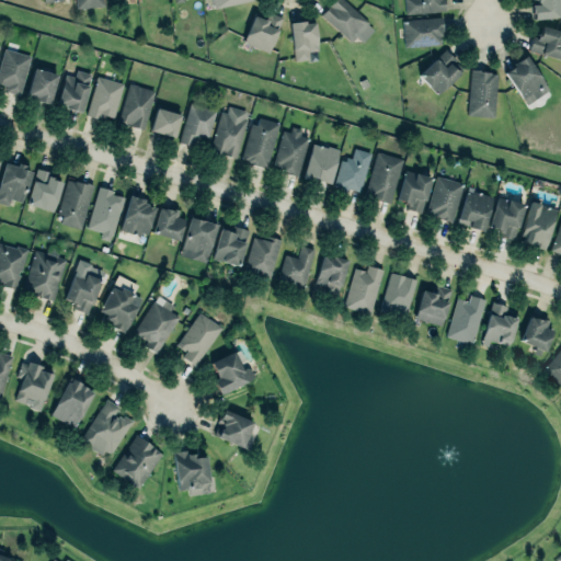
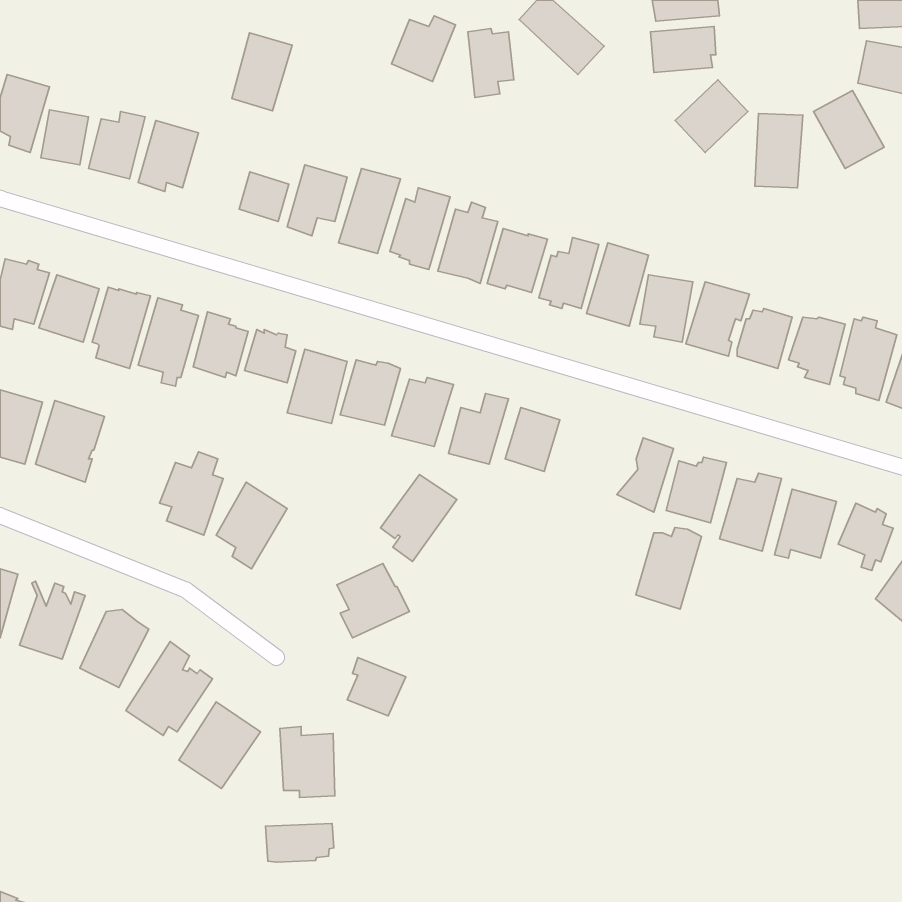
building: [118,84,156,133] -> [232,33,292,111]
building: [345,265,386,316] -> [636,528,702,609]
building: [65,266,104,314] -> none
building: [176,312,224,366] -> [381,475,457,561]
building: none -> [266,824,334,862]

